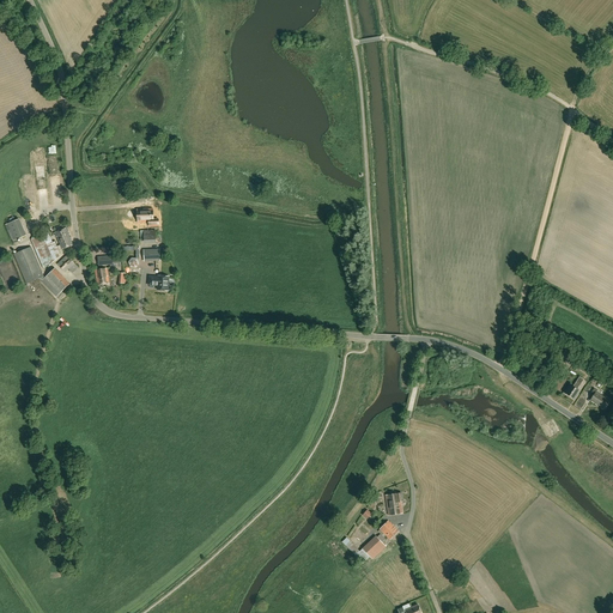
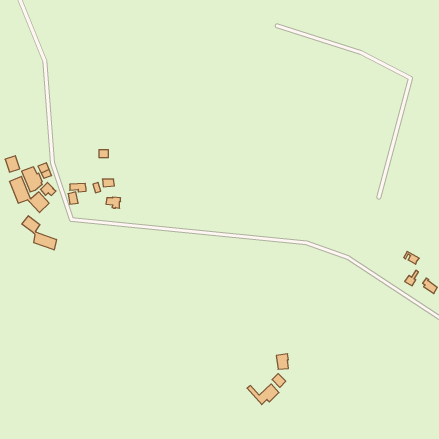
building: none -> [22,216,56,250]

